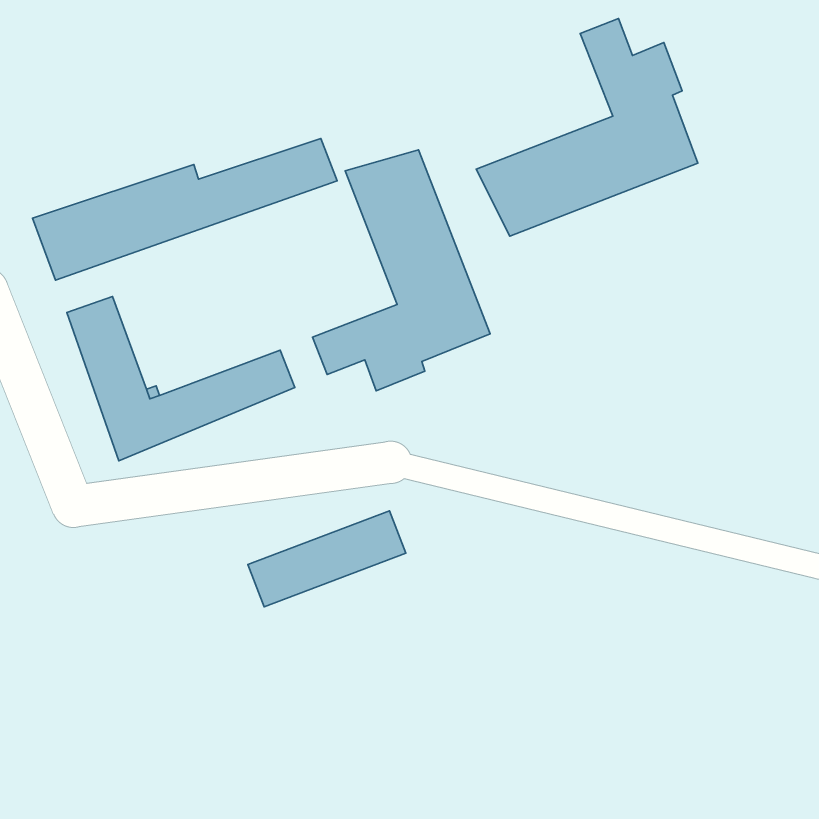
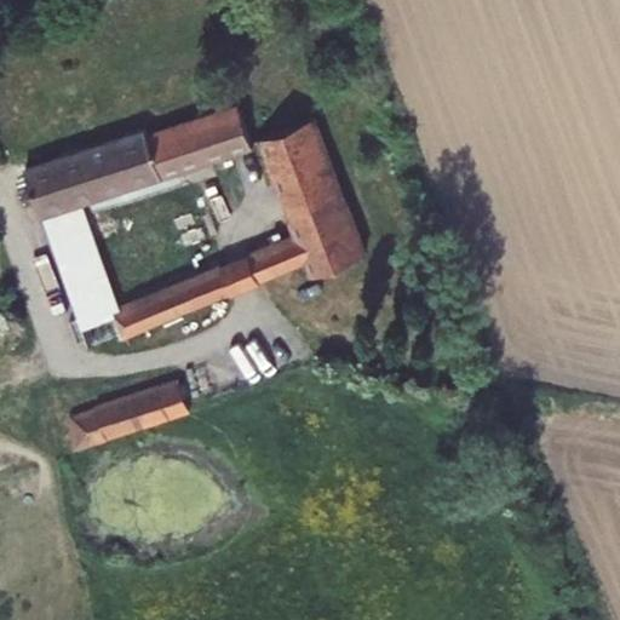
building: [476,19,698,236] -> none
building: [248,511,406,607] -> [71,381,189,453]

